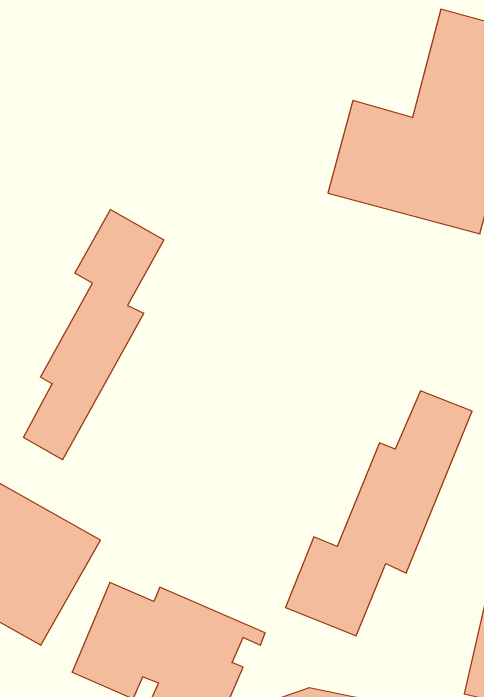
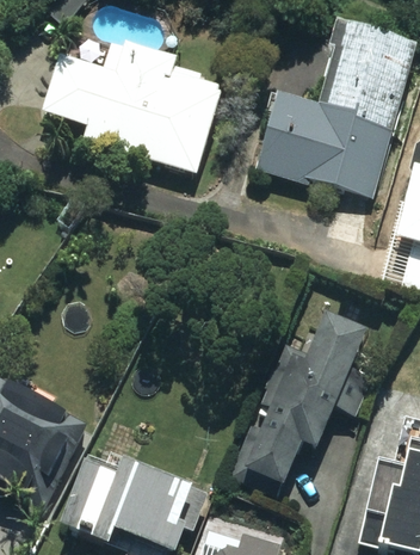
building: none -> [44,37,221,171]
building: [24,210,164,460] -> none

